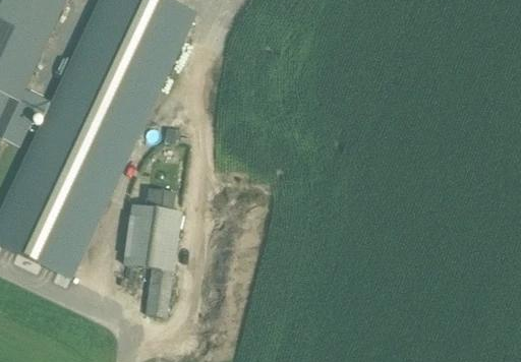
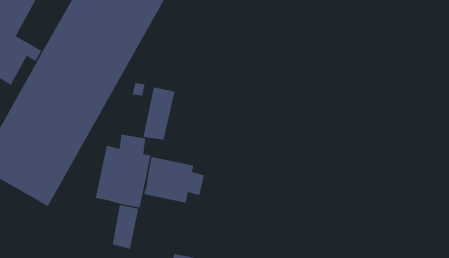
building: none -> [143,87,176,141]
building: none -> [143,156,205,203]

